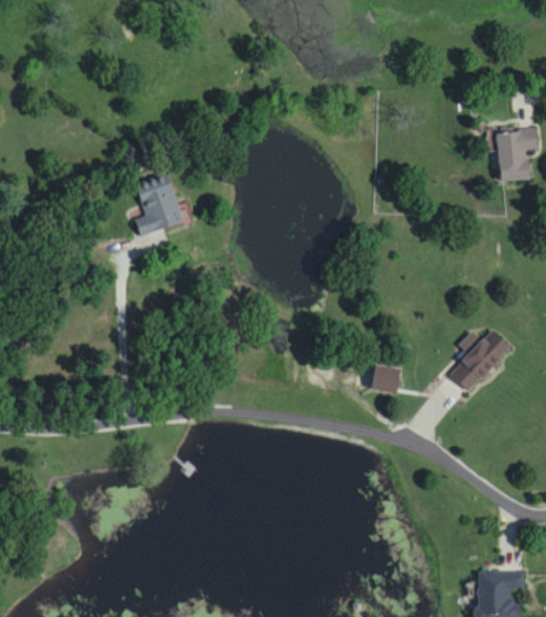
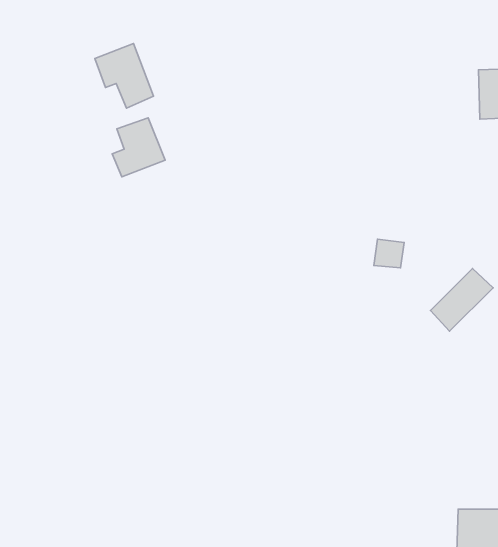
building: none -> [95,44,153,108]
building: [371,363,401,392] -> [374,239,404,268]

